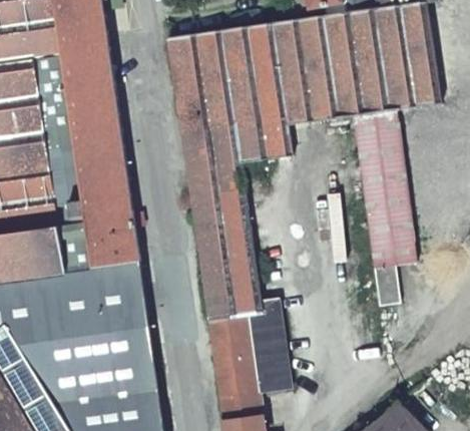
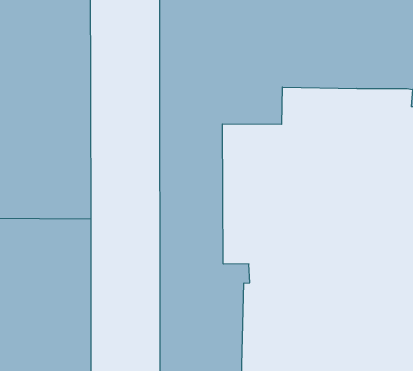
building: [352,111,417,309] -> none

